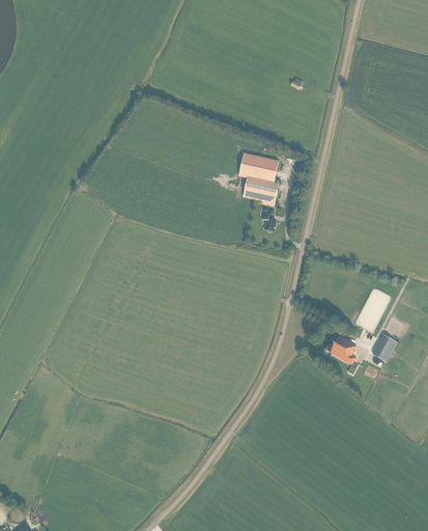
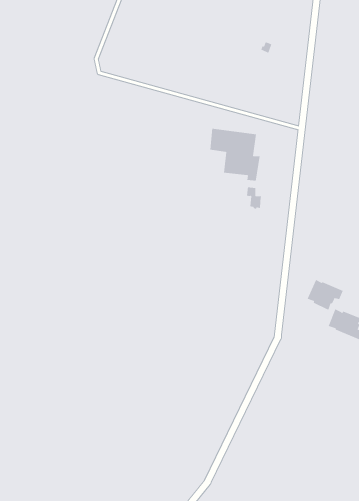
building: none -> [307,279,344,310]

